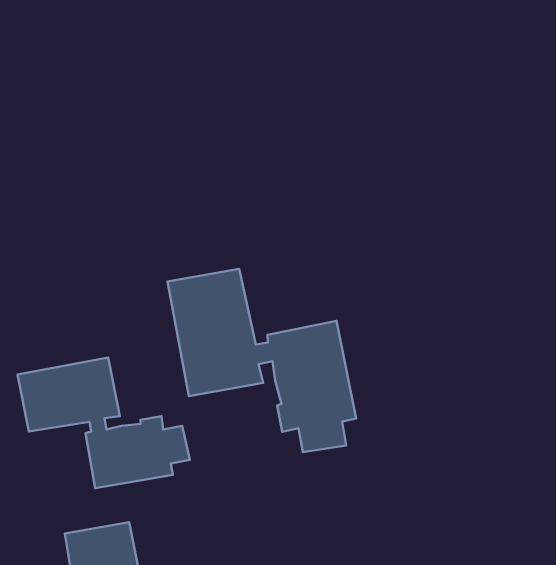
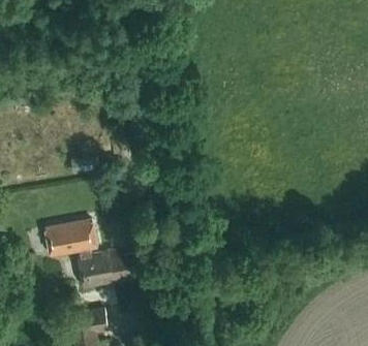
building: [167,269,356,452] -> none

